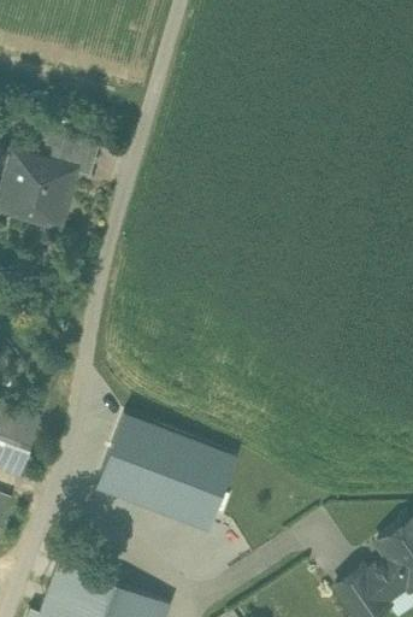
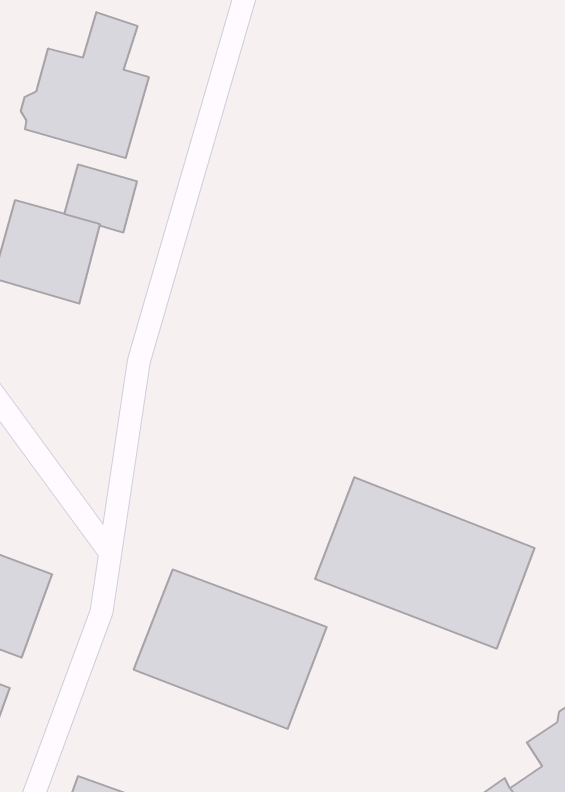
building: none -> [21,12,149,158]
building: none -> [315,477,535,649]

